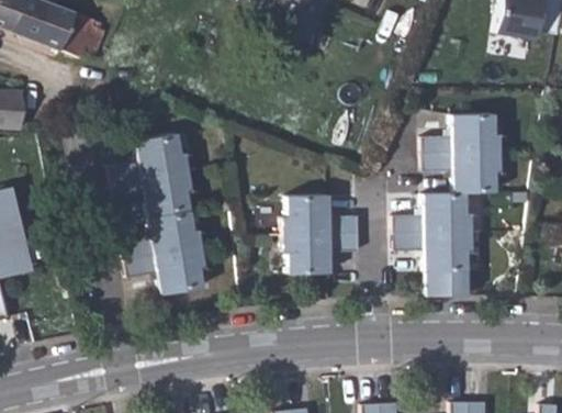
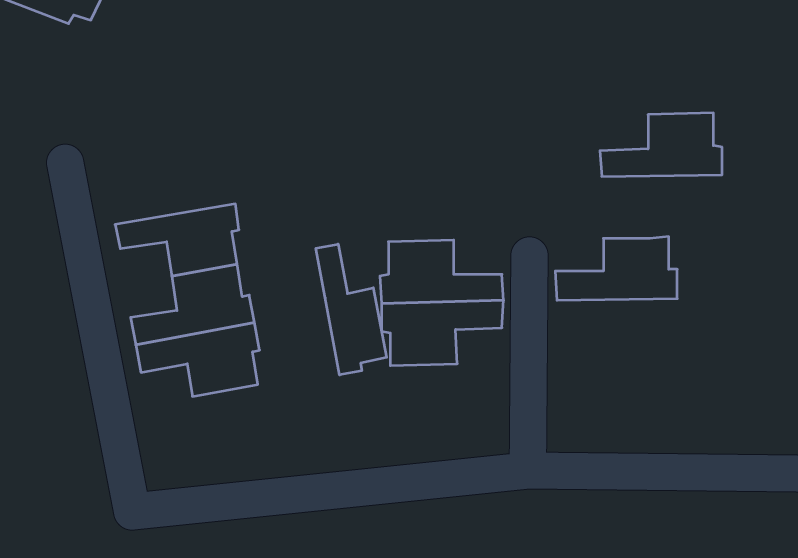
building: [109,133,189,185] -> none
building: [423,153,501,193] -> none
building: none -> [316,244,387,375]
building: [394,232,471,294] -> none

